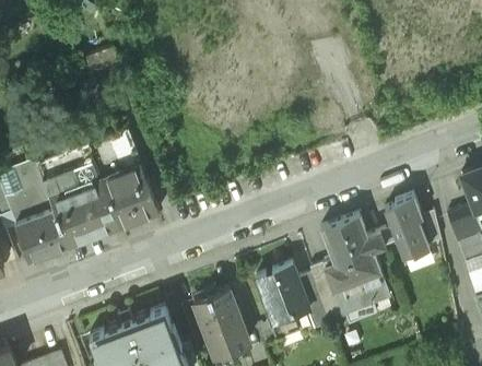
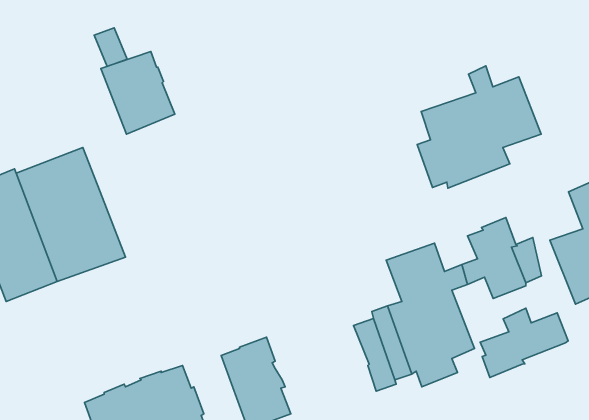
building: none -> [417,66,541,188]
building: [102,163,158,226] -> [101,51,175,134]
building: [256,264,308,319] -> none
building: none -> [480,308,568,377]

